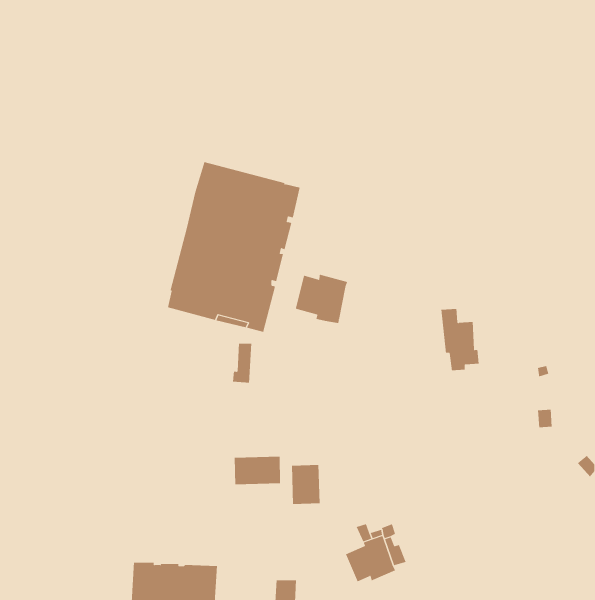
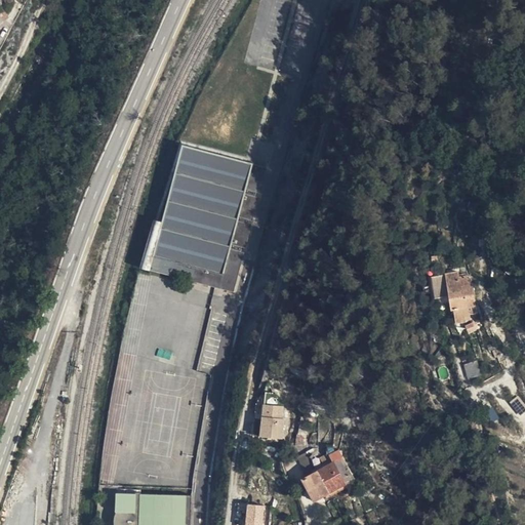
building: [295,274,348,324] -> none
building: [441,308,479,371] -> [446,267,480,321]
building: [234,456,281,485] -> none

